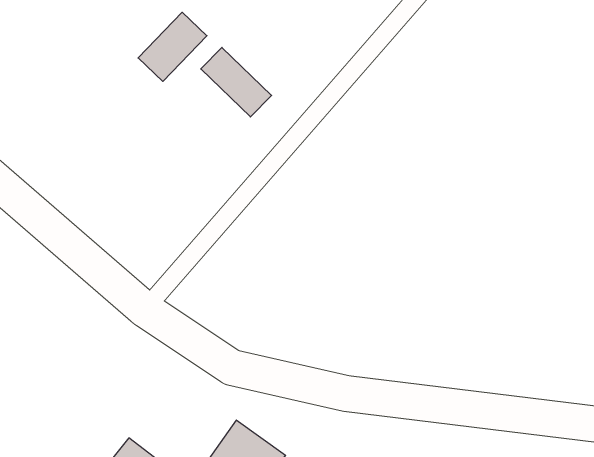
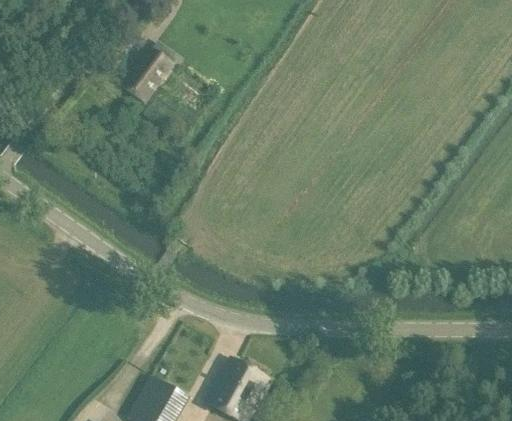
building: [201,47,272,117] -> none

